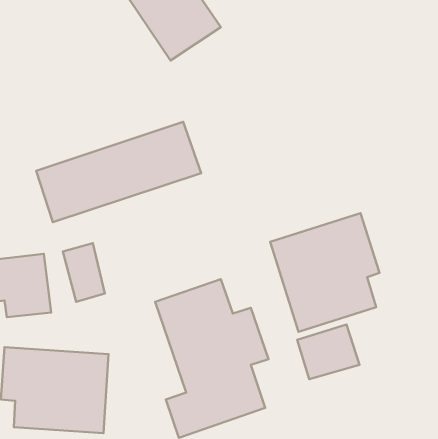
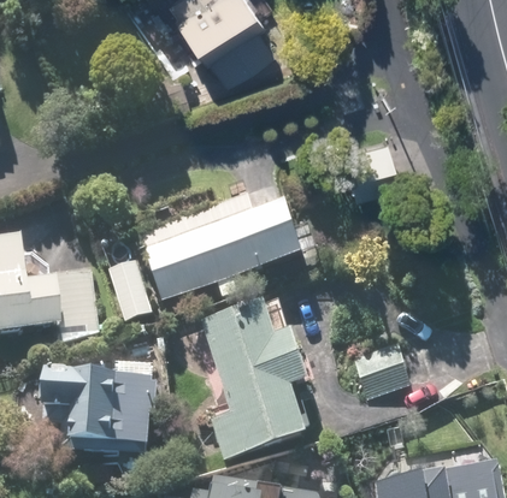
building: [36,122,201,222] -> [145,197,311,298]
building: [270,213,379,332] -> none

